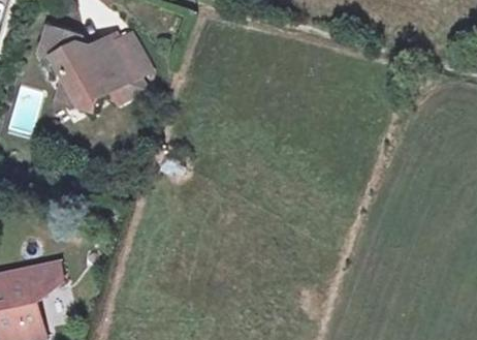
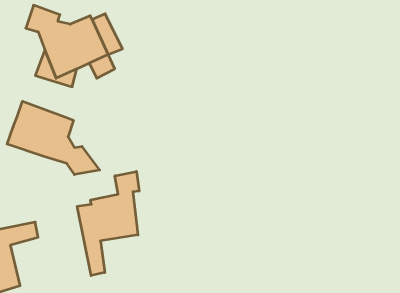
building: none -> [7,101,100,175]
building: none -> [77,171,139,276]

